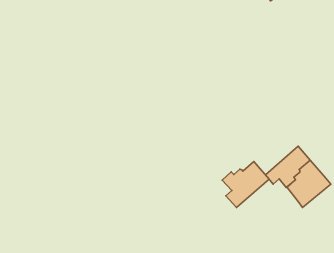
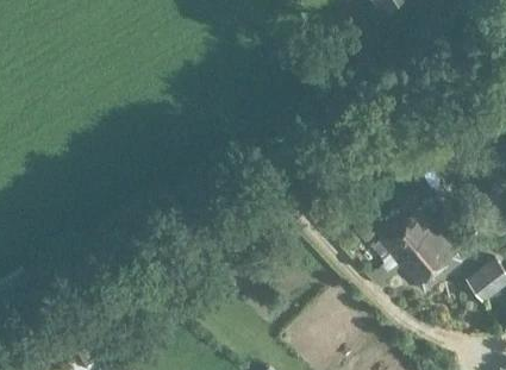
building: [222,161,269,208] -> none

